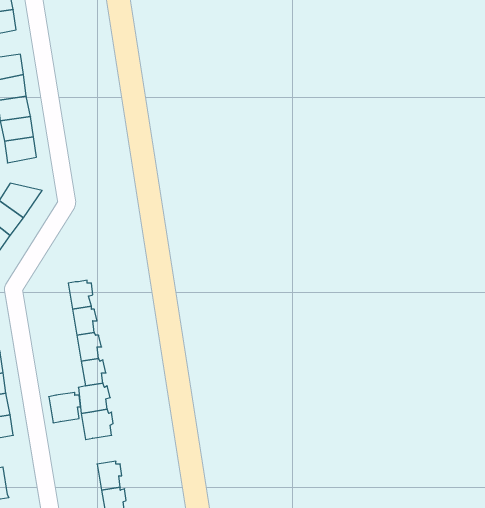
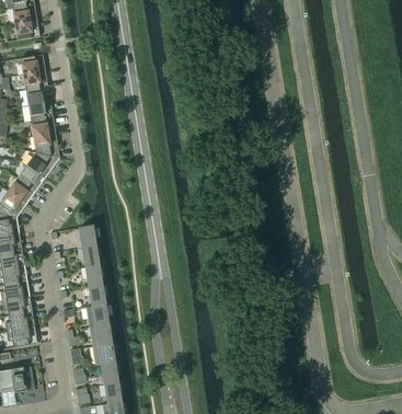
building: none -> [33,133,59,158]
building: [49,392,81,423] -> [92,343,116,366]

